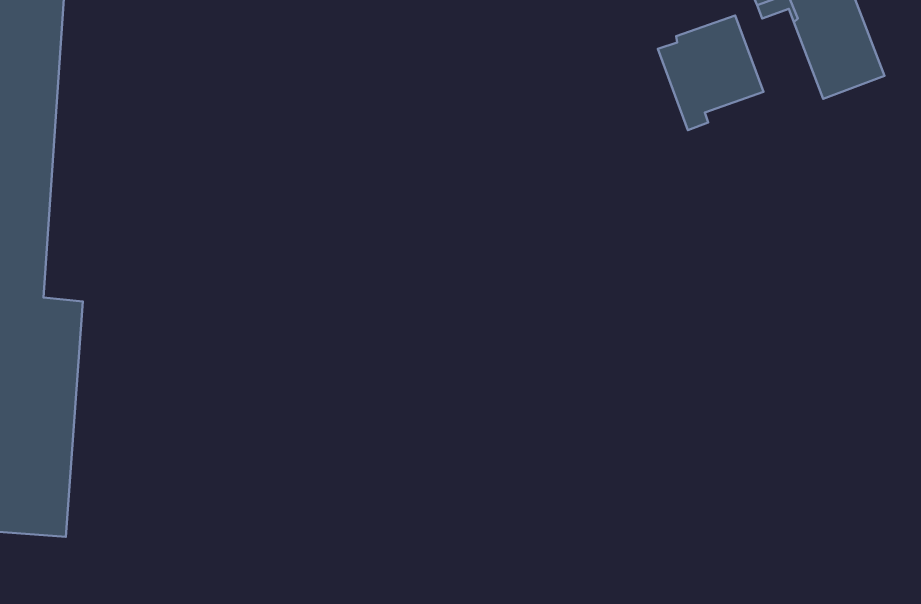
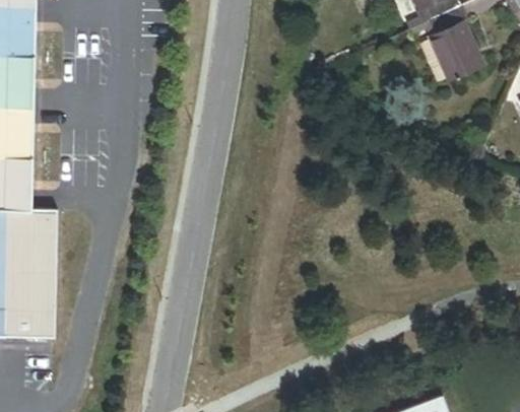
building: [658,15,764,130] -> none

